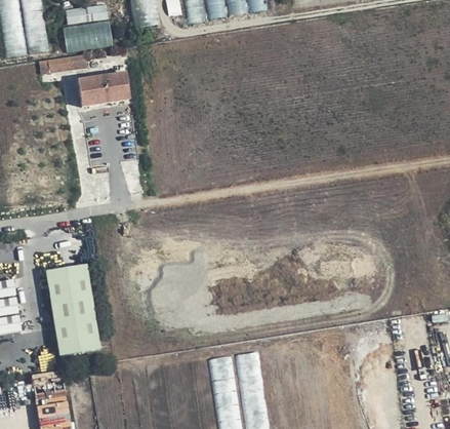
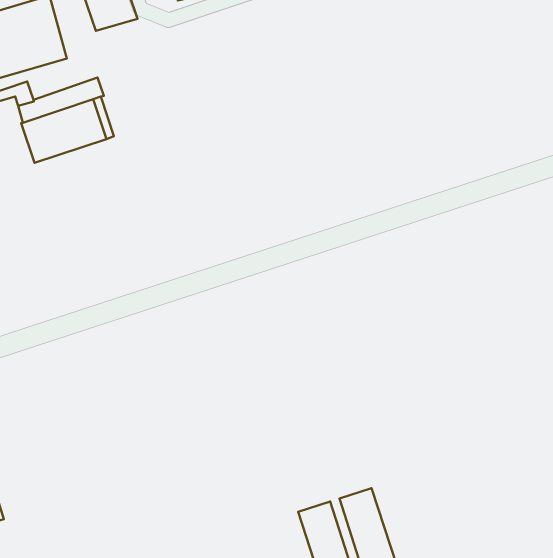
building: [45,266,96,355] -> none

